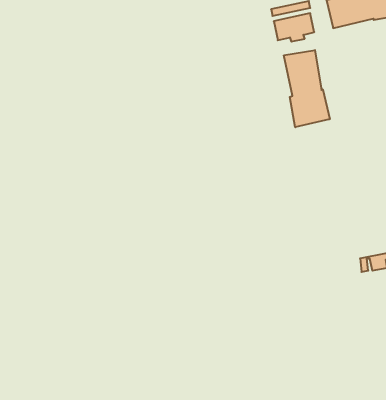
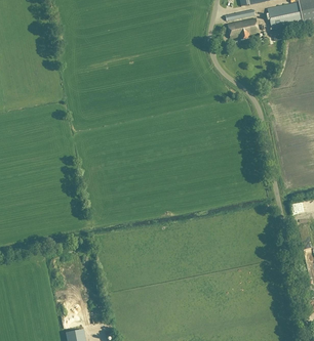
building: [284,50,330,127] -> none

